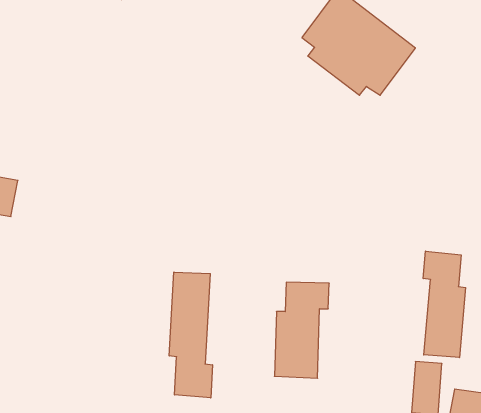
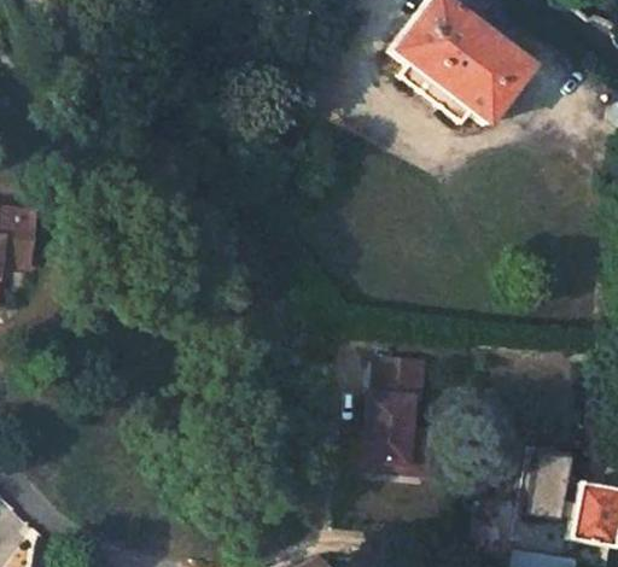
building: [423,251,466,358] -> none
building: [169,272,212,398] -> none

